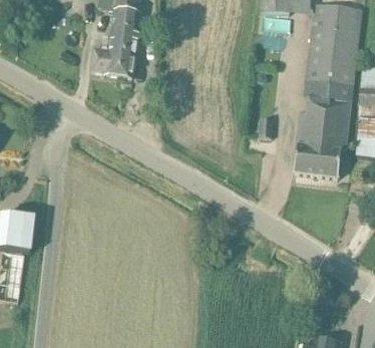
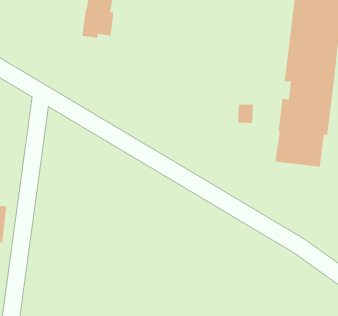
building: [91,47,136,77] -> none

